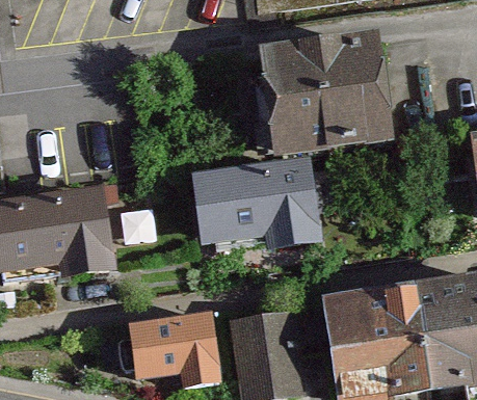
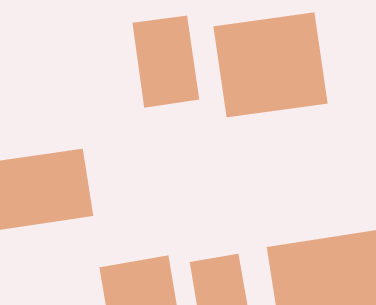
building: none -> [132,15,200,108]
building: [185,157,324,251] -> none

